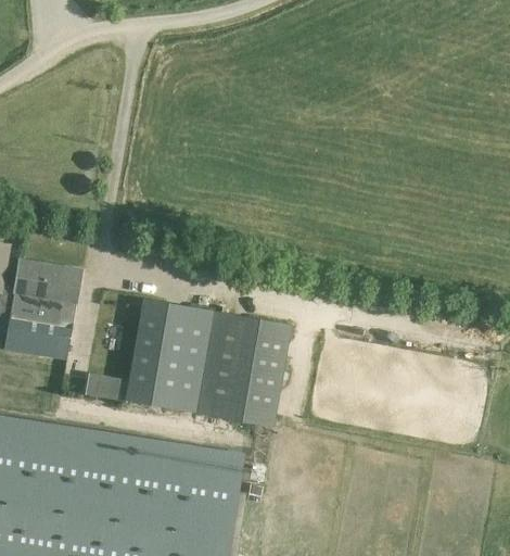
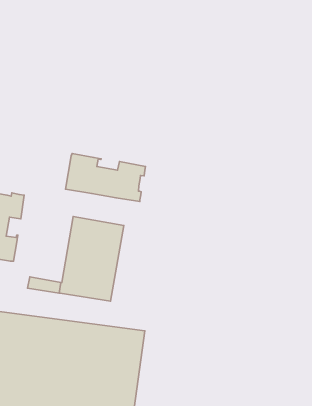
building: none -> [66,154,145,202]
building: [196,312,289,426] -> none

